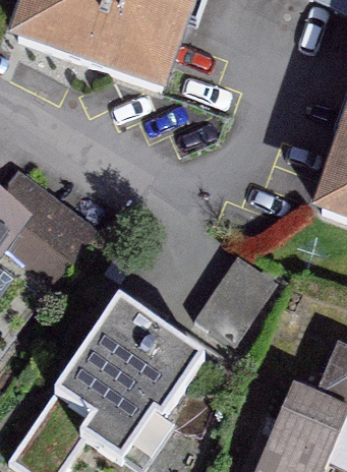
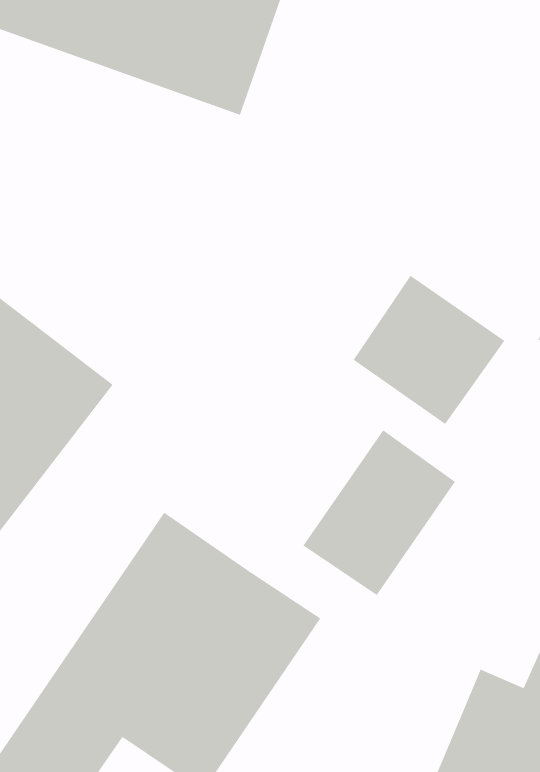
building: none -> [353,275,505,425]

